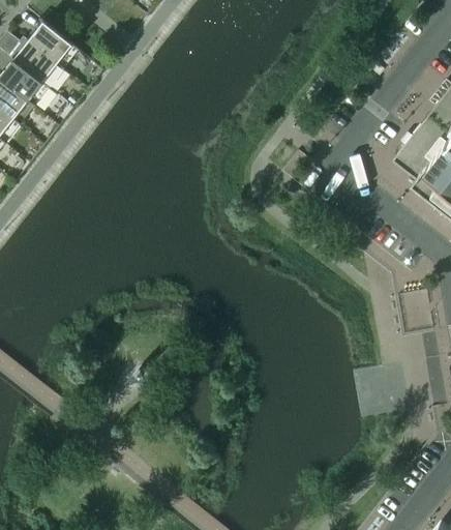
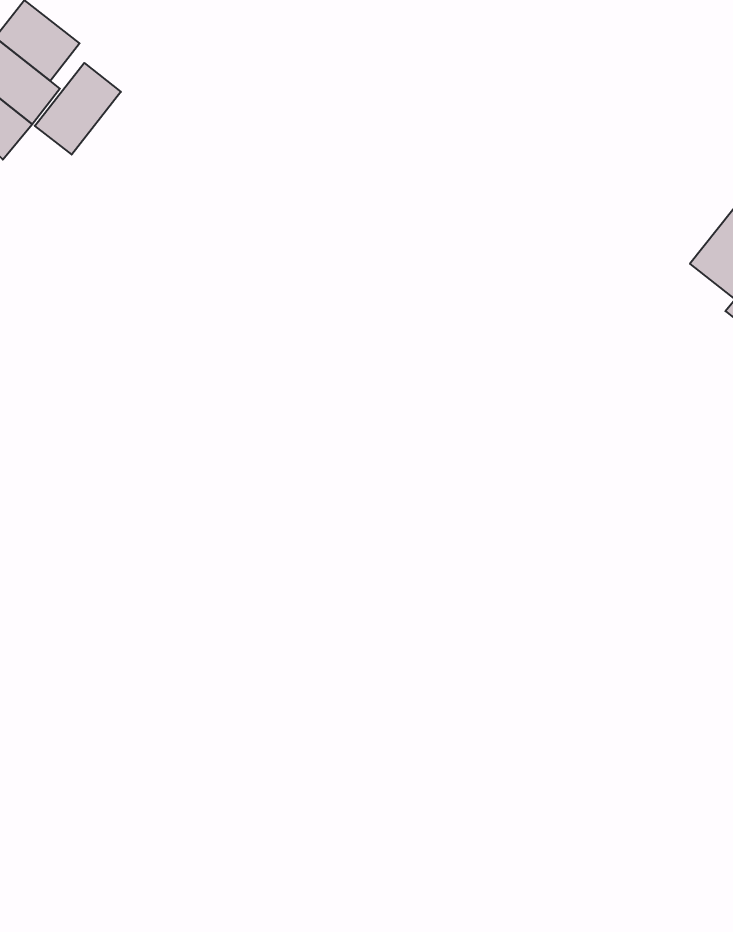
building: none -> [35,63,121,155]

